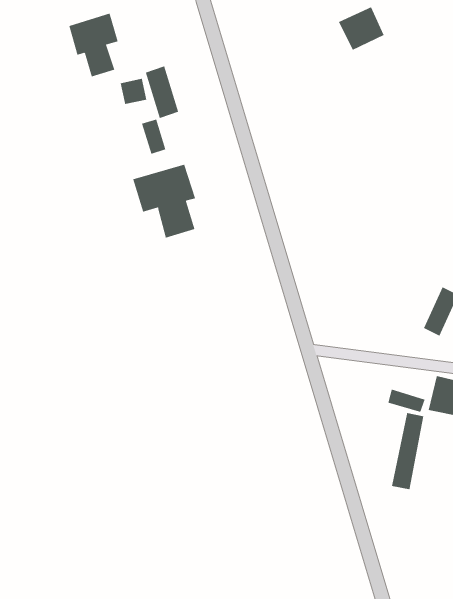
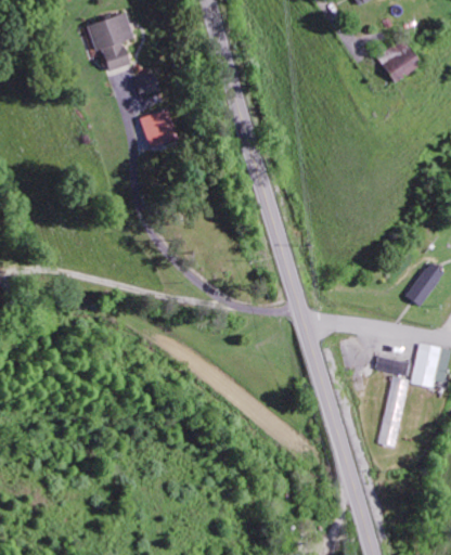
building: [338,6,385,50] -> [374,41,416,81]
building: [145,66,179,119] -> none
building: [132,164,196,238] -> none

